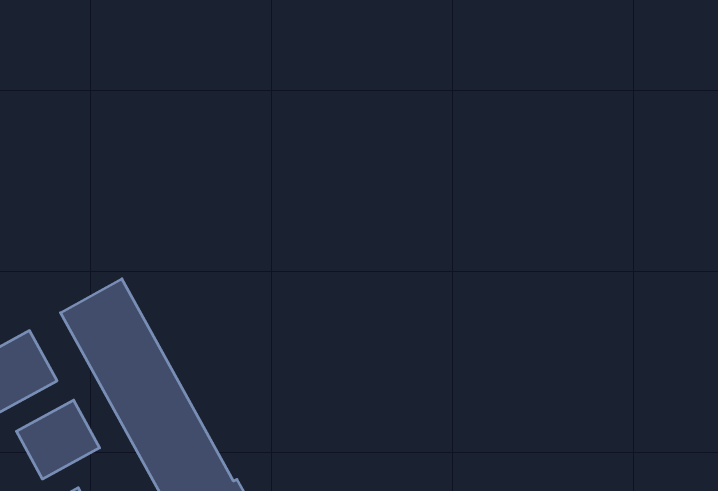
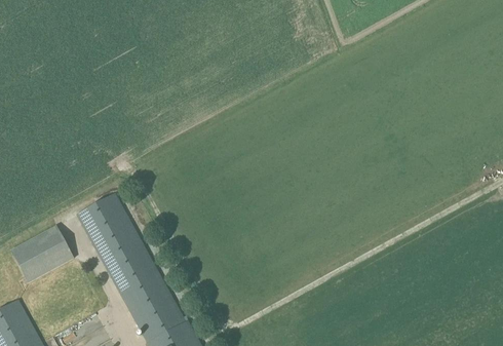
building: [16,400,100,479] -> none

